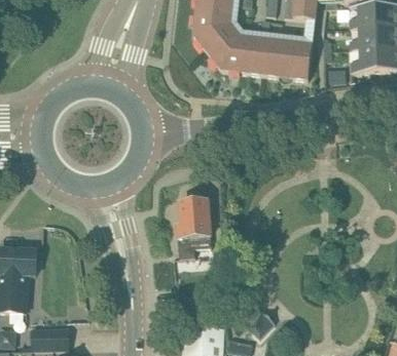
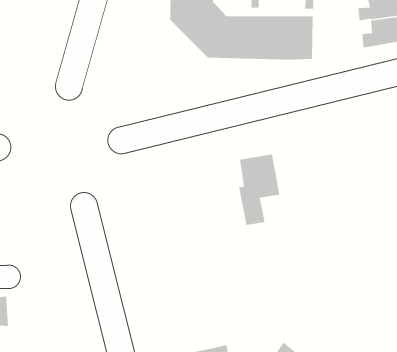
building: [176,201,210,259] -> [238,153,280,226]

